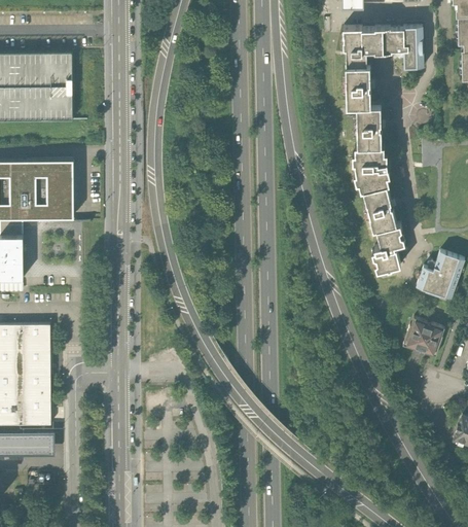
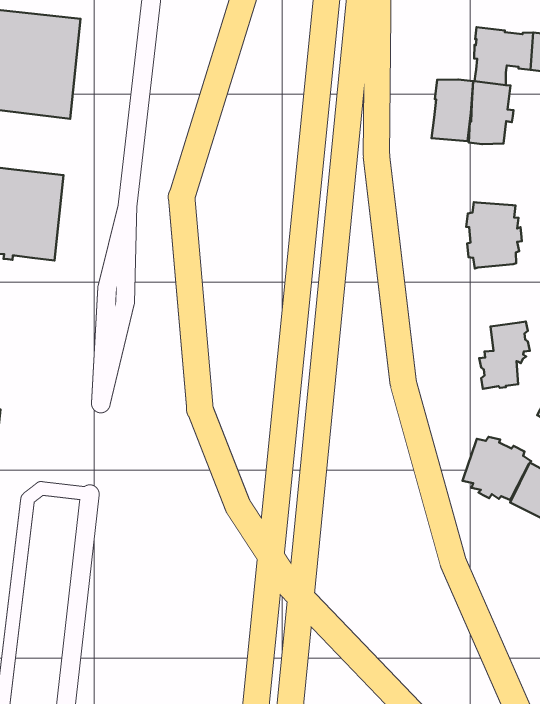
building: [355,103,381,145] -> [432,79,473,141]
building: [362,184,395,230] -> none
building: none -> [463,437,531,500]

